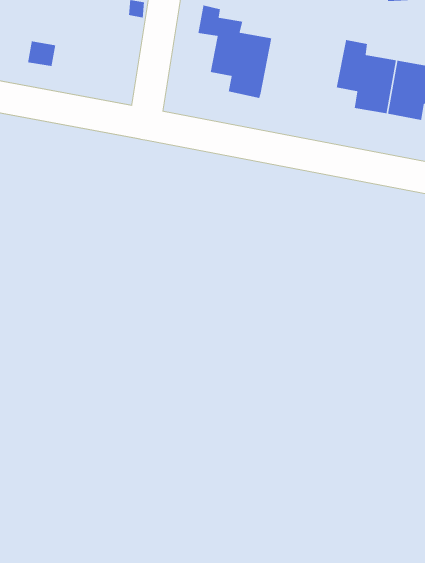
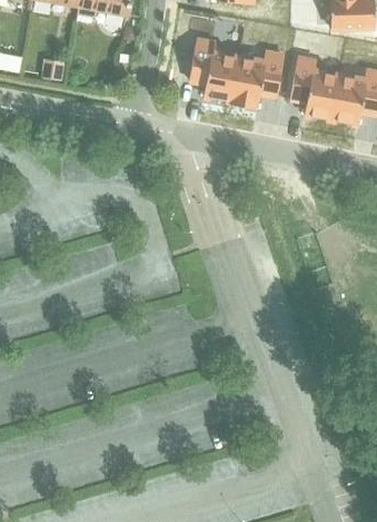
building: none -> [230,52,285,108]

